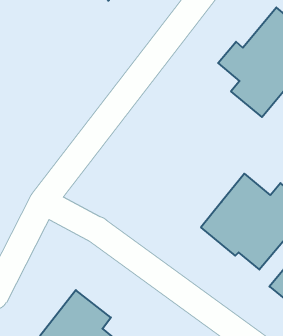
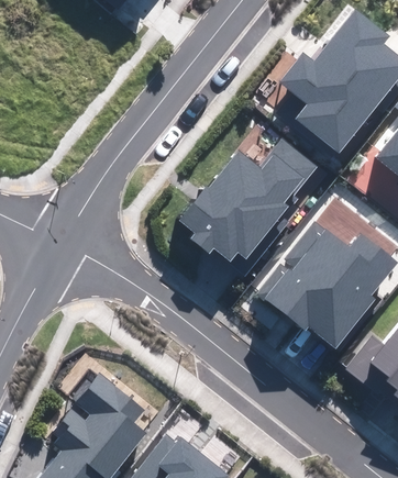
building: none -> [180,140,314,259]

